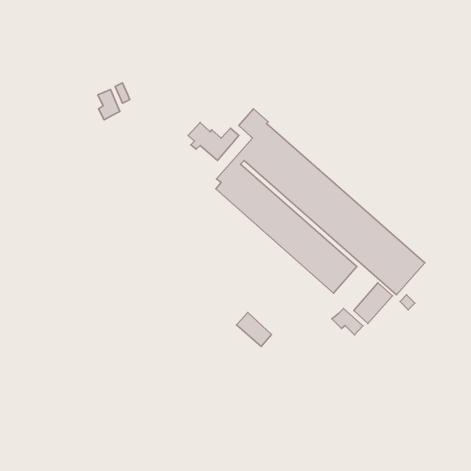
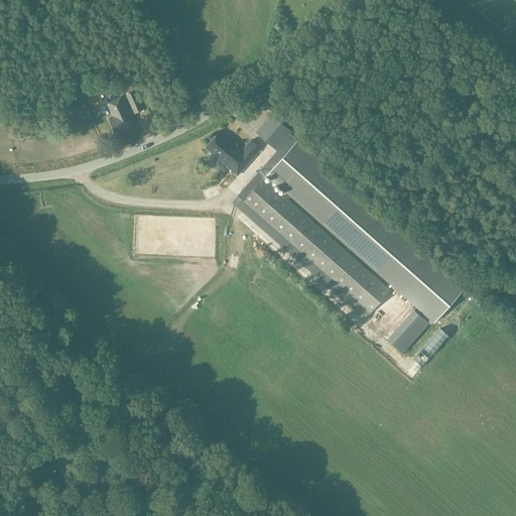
building: [332,309,363,335] -> none
building: [237,313,272,347] -> none

